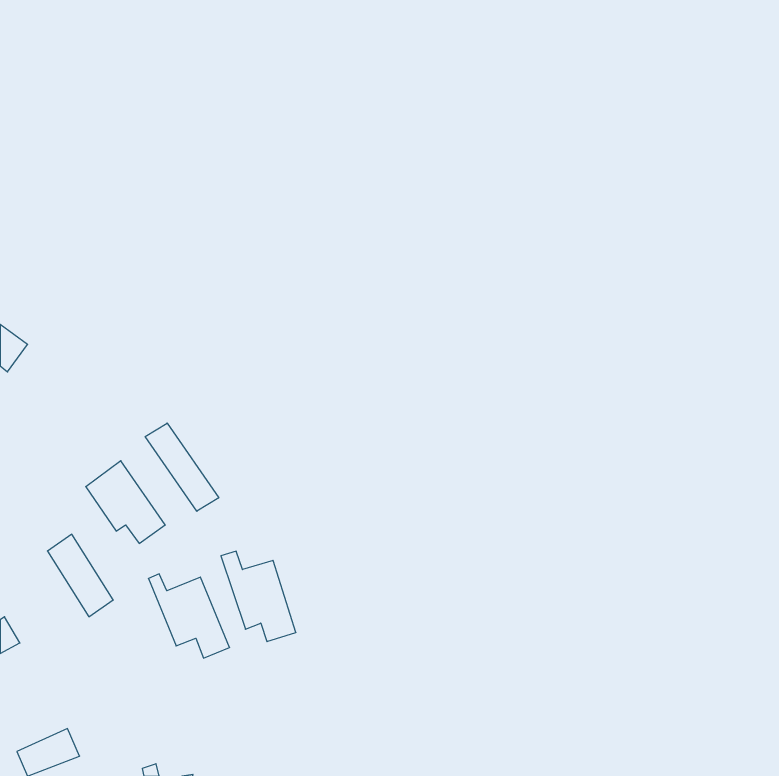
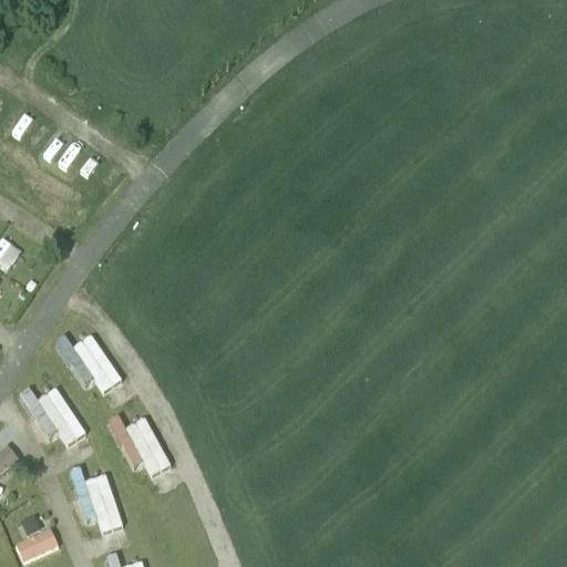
building: [145,423,219,511] -> none
building: [221,551,296,642] -> [68,467,122,533]

